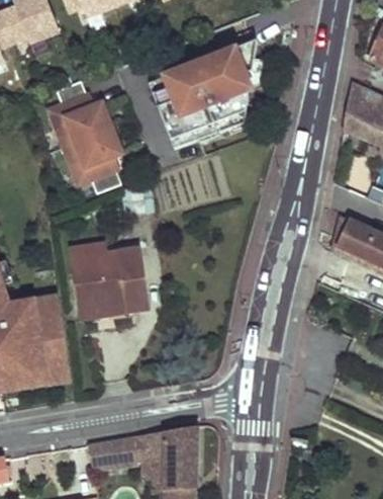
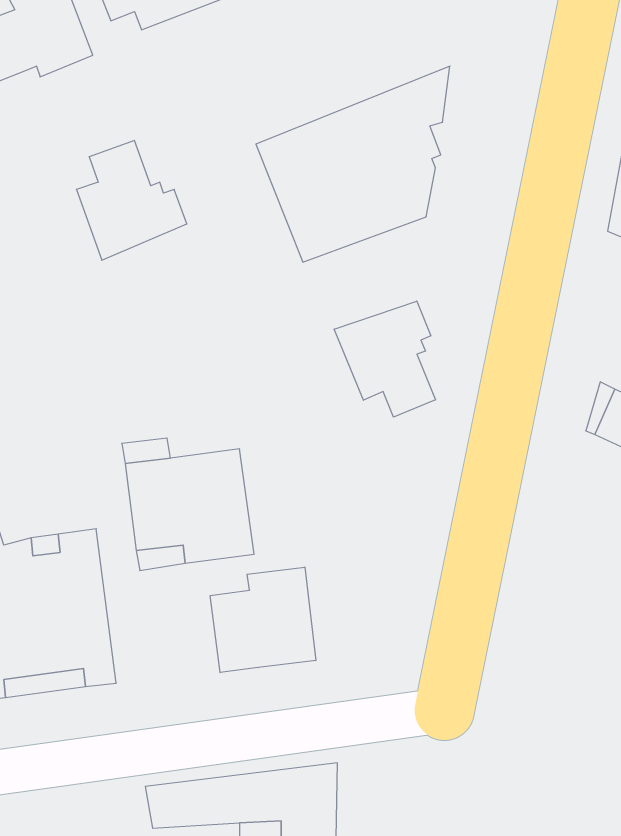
building: [64,126,120,191] -> none
building: none -> [334,301,435,417]
building: none -> [210,567,316,673]

